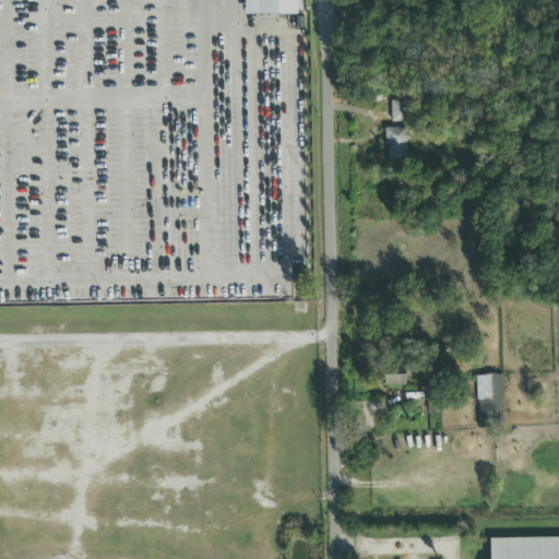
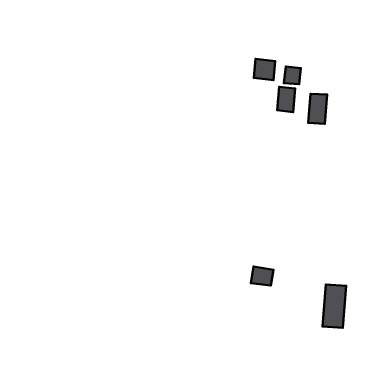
building: none -> [254,59,275,80]
building: none -> [308,94,327,124]

